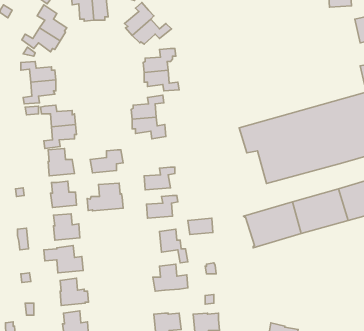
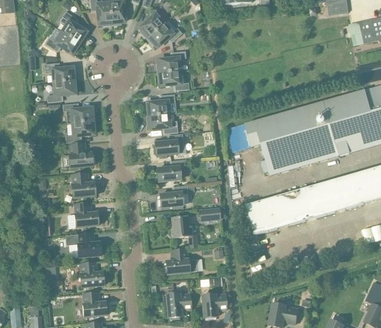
building: [90,150,123,173] -> [154,133,184,154]
building: [87,183,123,211] -> none

